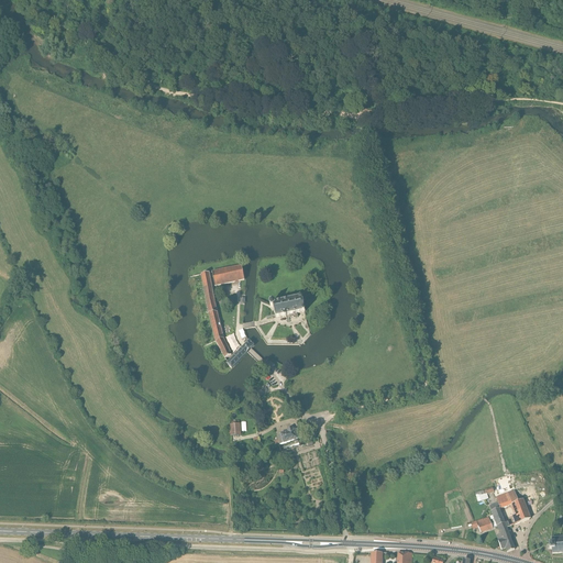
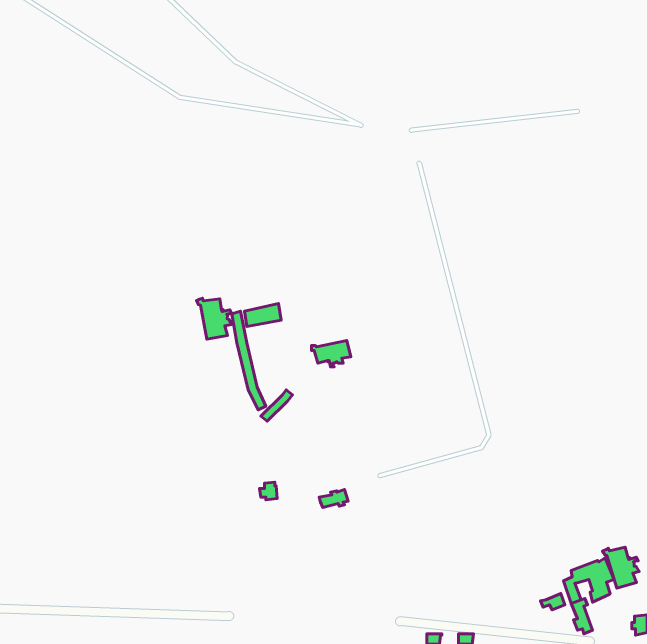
building: none -> [197,298,232,339]
building: none -> [603,547,639,588]

